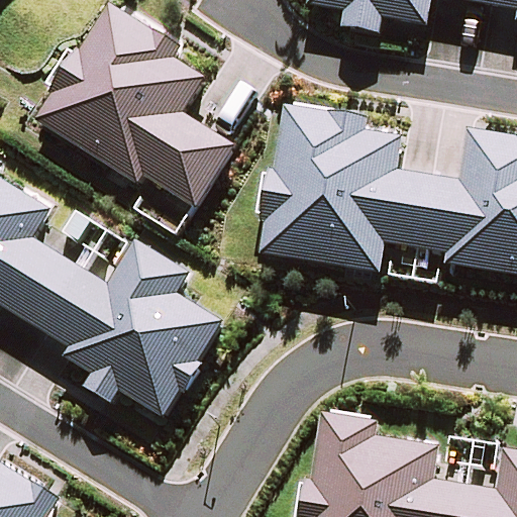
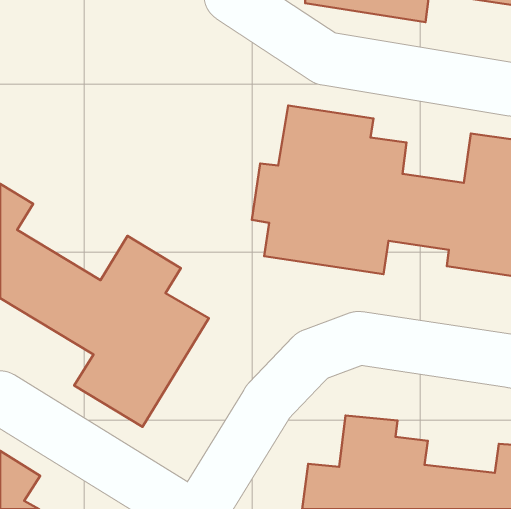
building: [36,4,224,194] -> none

